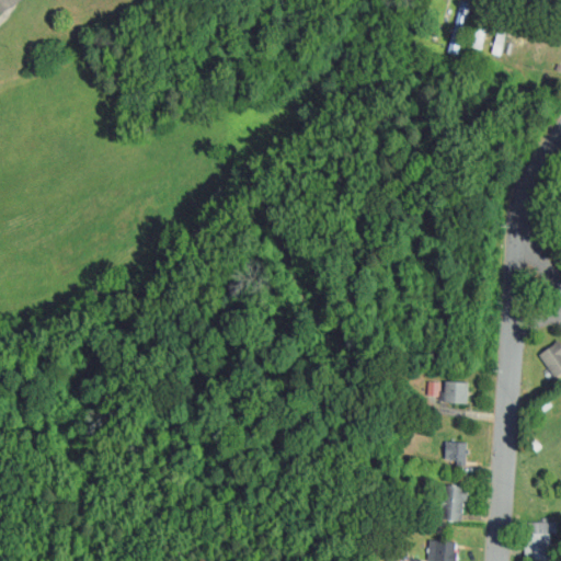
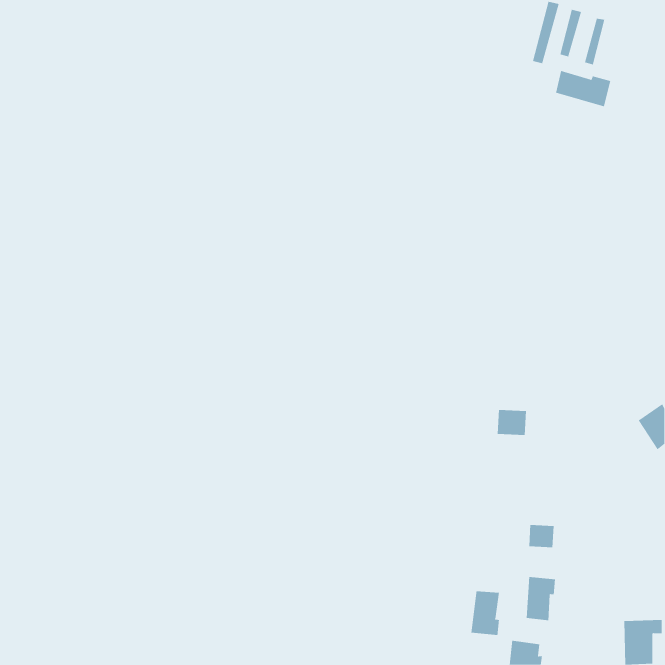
building: none -> [555,70,611,107]
building: [444,382,469,404] -> [497,409,527,436]
building: none -> [471,590,499,636]

